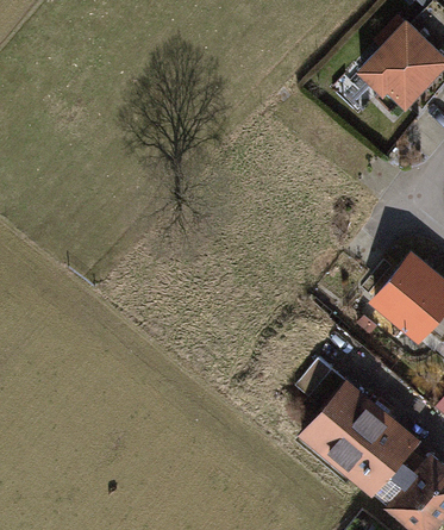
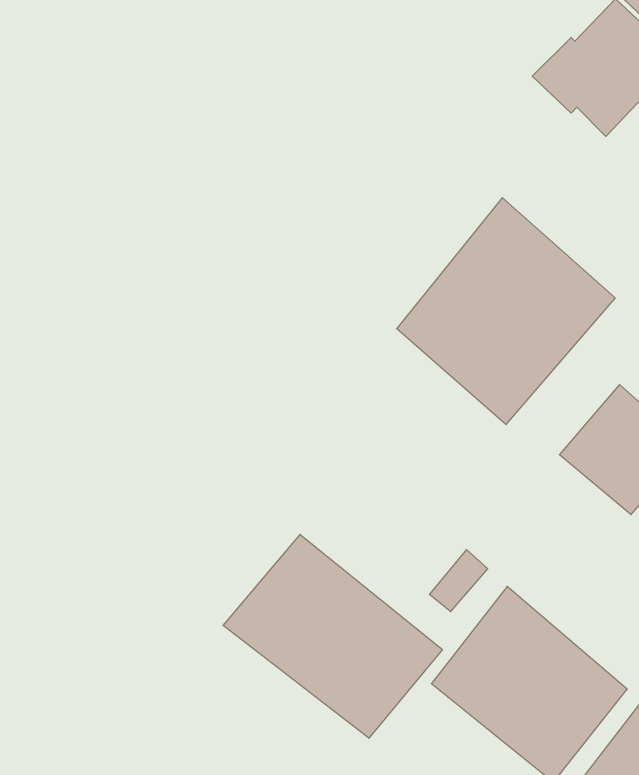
building: none -> [397,198,615,425]
building: none -> [223,534,442,738]

